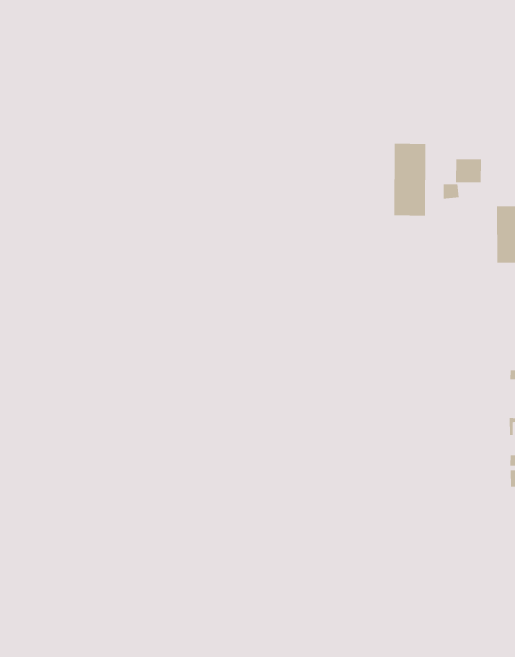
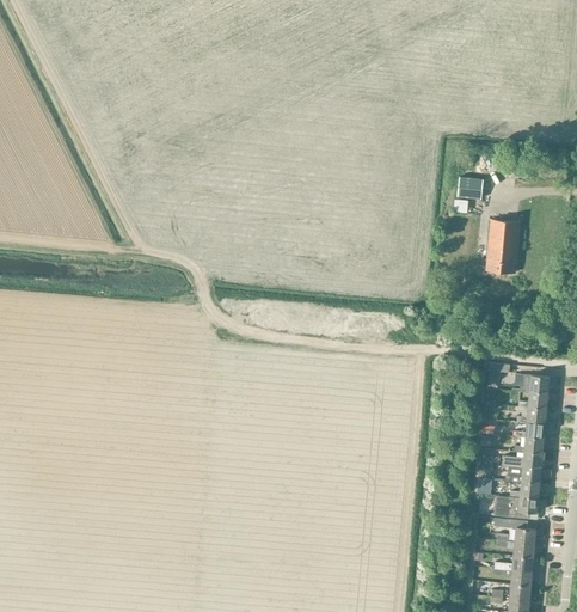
building: [394,143,426,216] -> none

